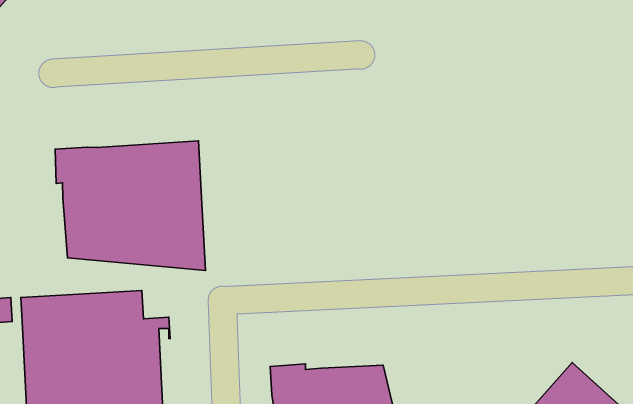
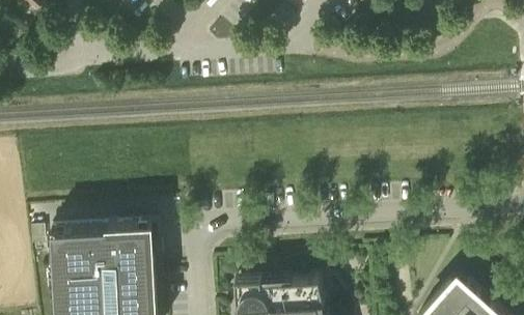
building: [55,141,205,271] -> none

